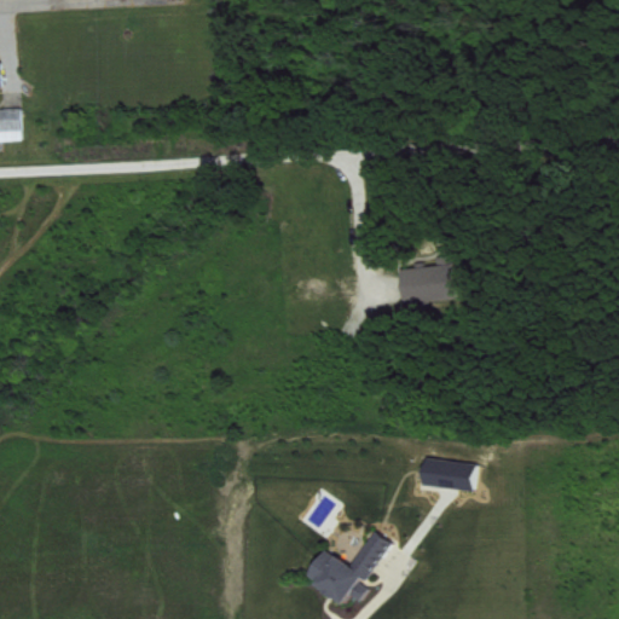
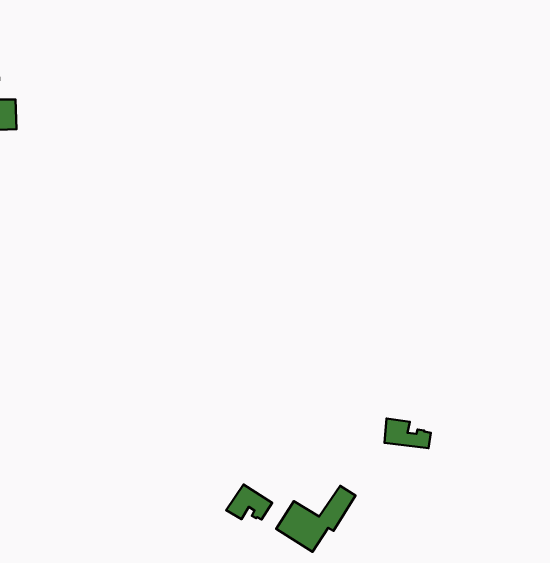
building: [397,256,451,305] -> none
building: none -> [226,484,272,520]

